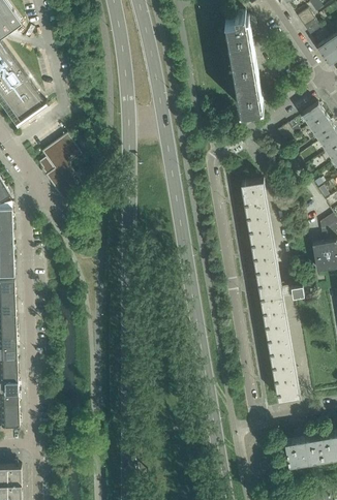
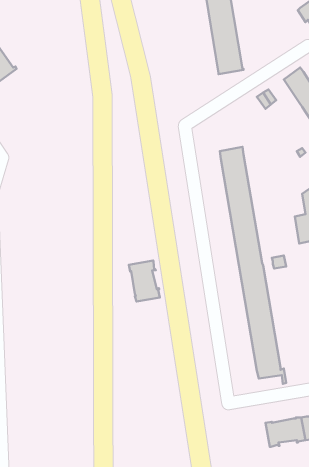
building: [38,133,85,201] -> none
building: none -> [129,260,160,302]

